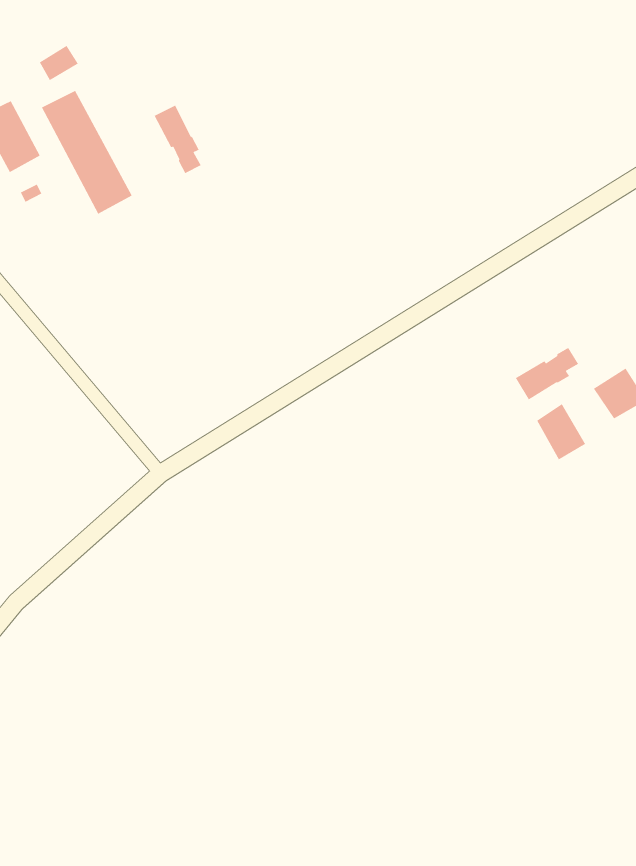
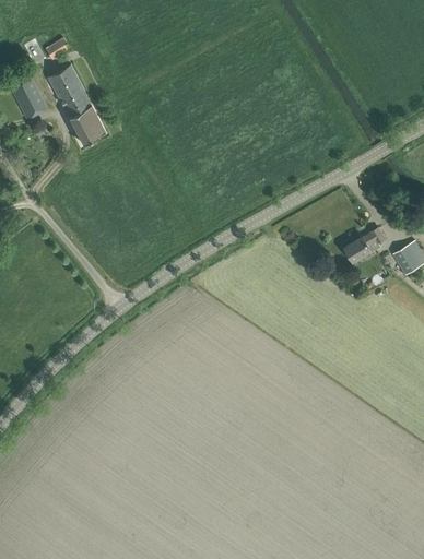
building: [153,104,202,174] -> none
building: [536,403,586,460] -> none

